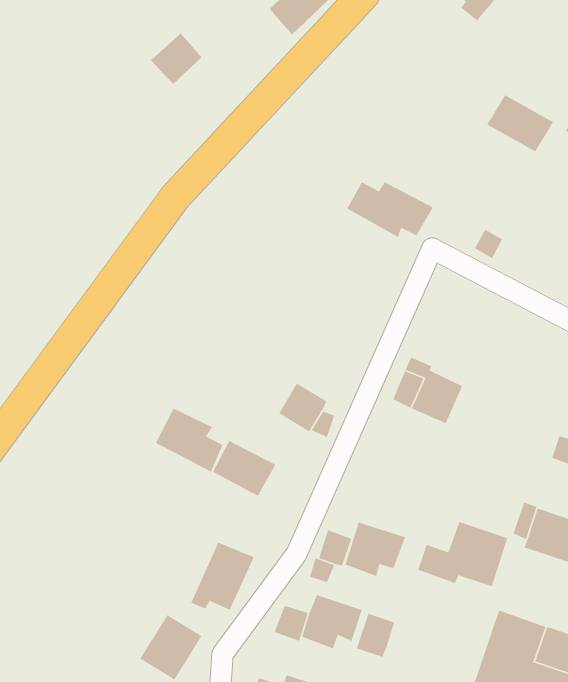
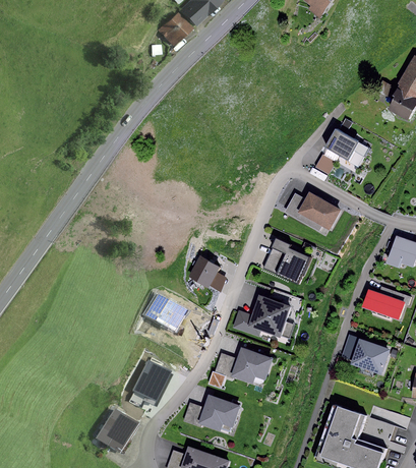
building: [150,32,203,85] -> [157,11,191,46]
building: [486,94,554,153] -> [326,128,371,167]
building: [346,181,434,238] -> [286,192,344,230]
building: [155,408,224,473] -> none
building: [417,521,508,587] -> [234,293,294,337]
building: [356,613,395,658] -> none

